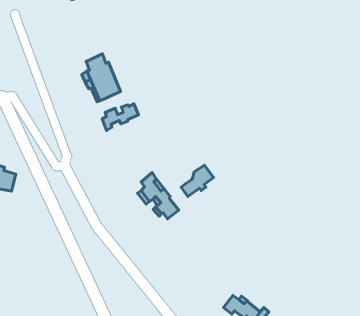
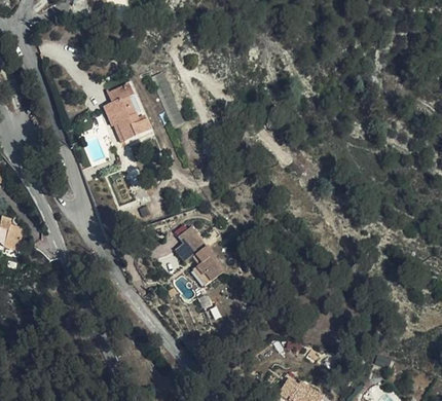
building: [102,104,139,130] -> none
building: [181,165,213,196] -> none

